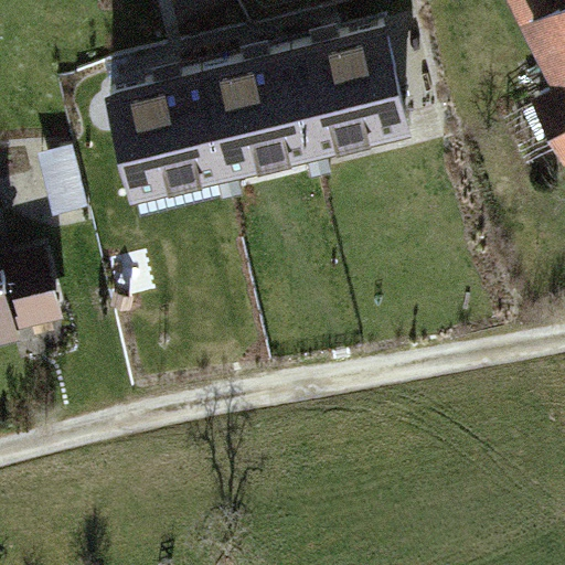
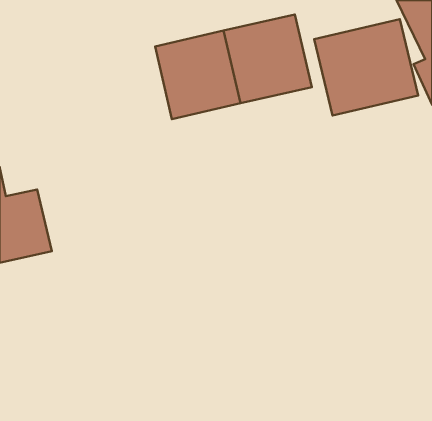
building: none -> [314,19,418,116]
building: [109,75,224,191] -> none

